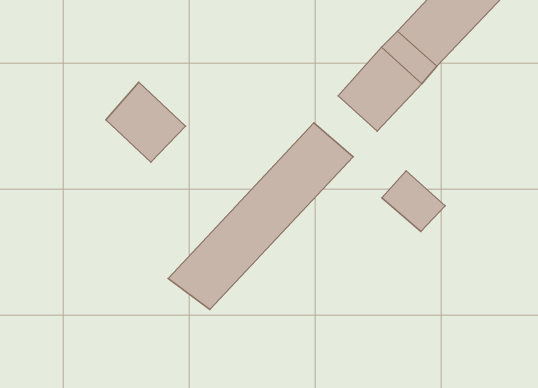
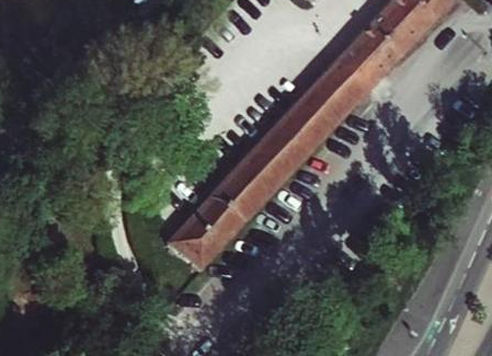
building: [106,82,185,162] -> none
building: [382,171,445,231] -> [289,91,341,140]

